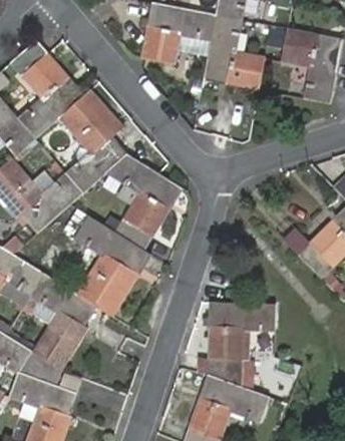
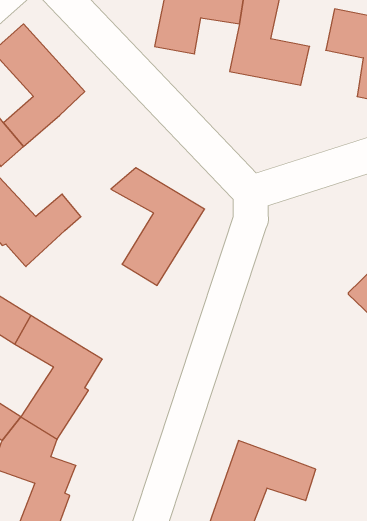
building: [64,89,125,194] -> none
building: [73,215,151,318] -> none
building: [208,302,276,386] -> none

